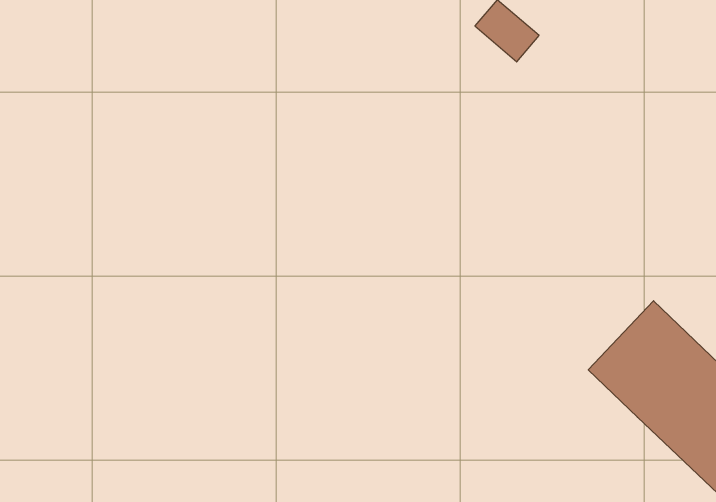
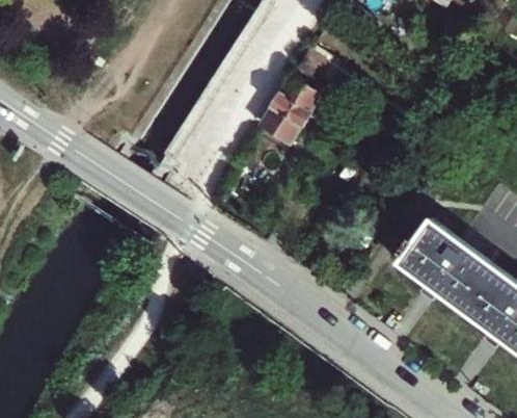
building: none -> [260,79,324,150]

